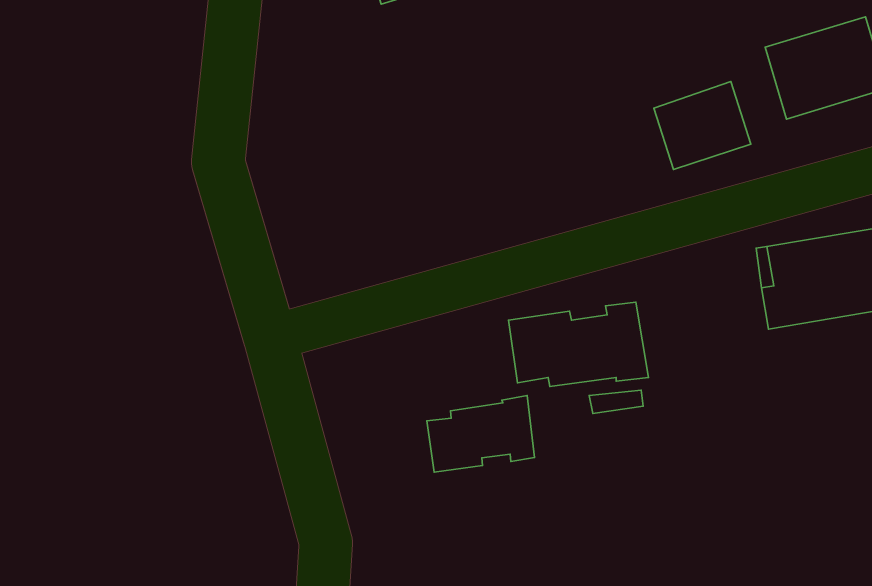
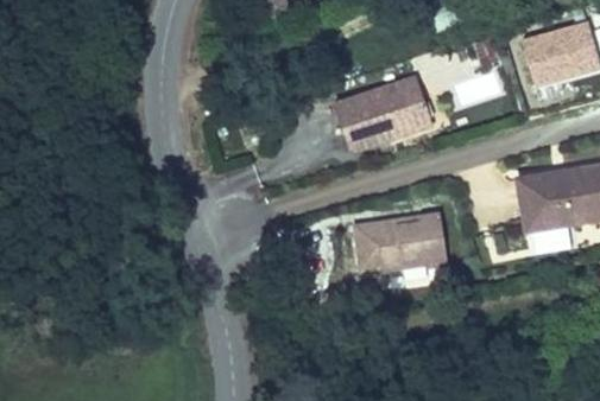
building: none -> [335,72,435,147]
building: [427,396,535,472] -> none

